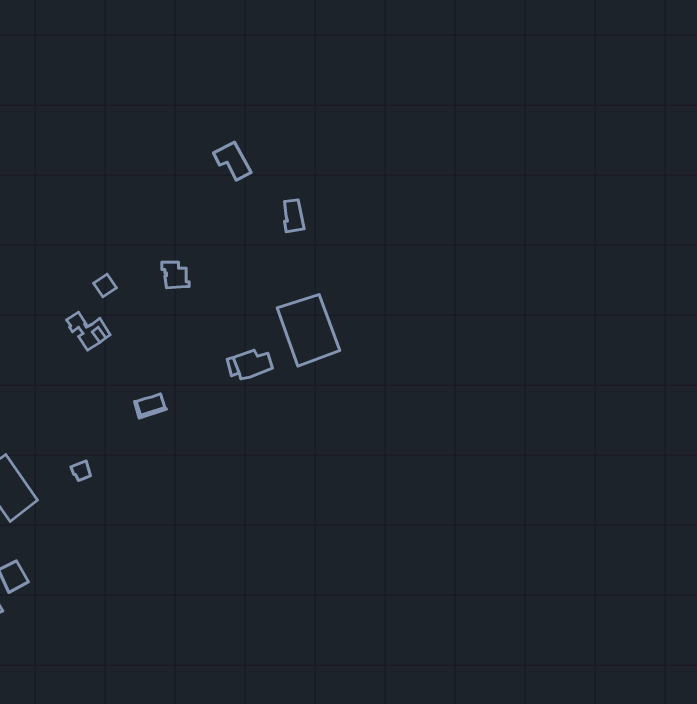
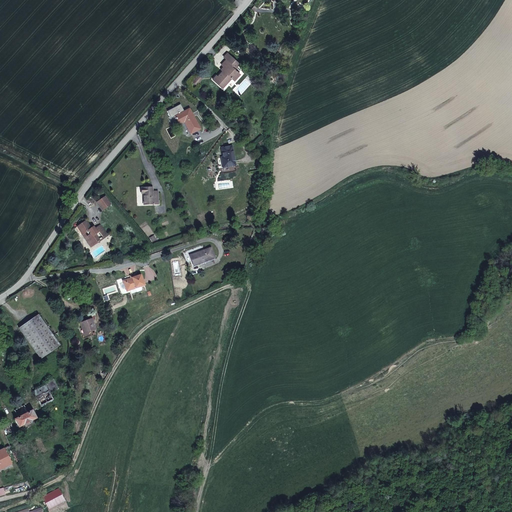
building: none -> [213,52,238,87]
building: [277,295,340,366] -> none

